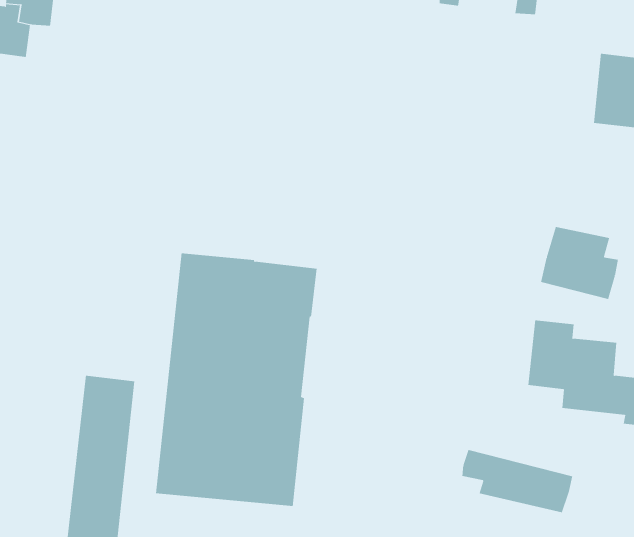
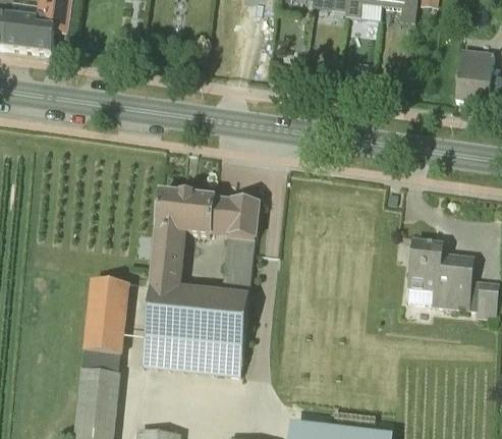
building: [540,226,618,300] -> none
building: [462,449,573,513] -> none

